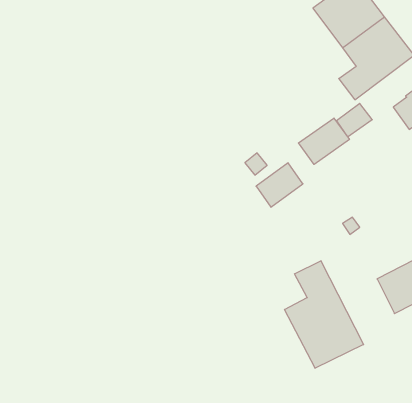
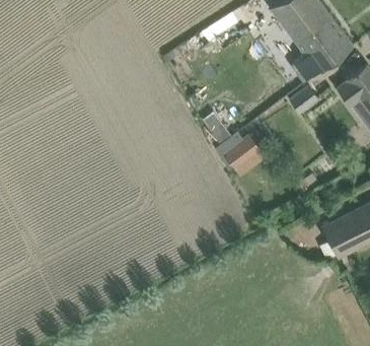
building: [298,118,349,164] -> none
building: [285,261,364,368] -> none

